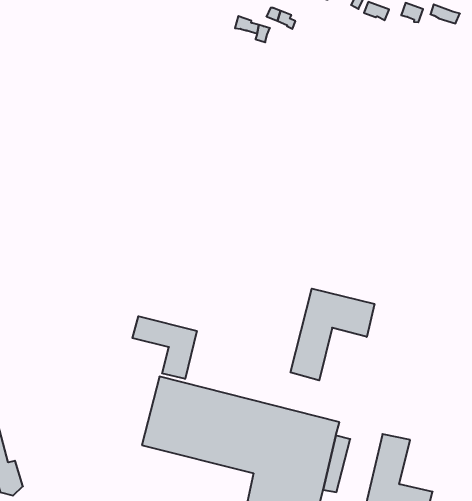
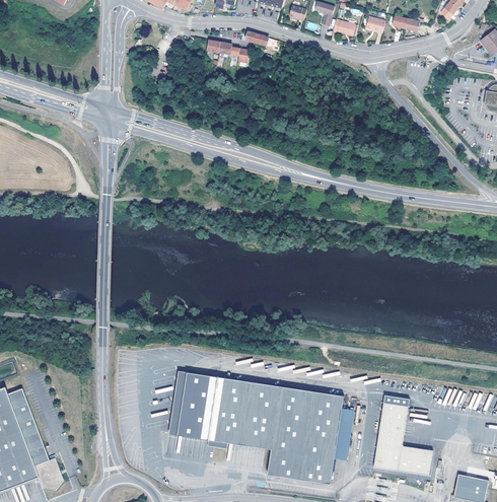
building: [291,289,374,380] -> none
building: [132,316,197,379] -> none

